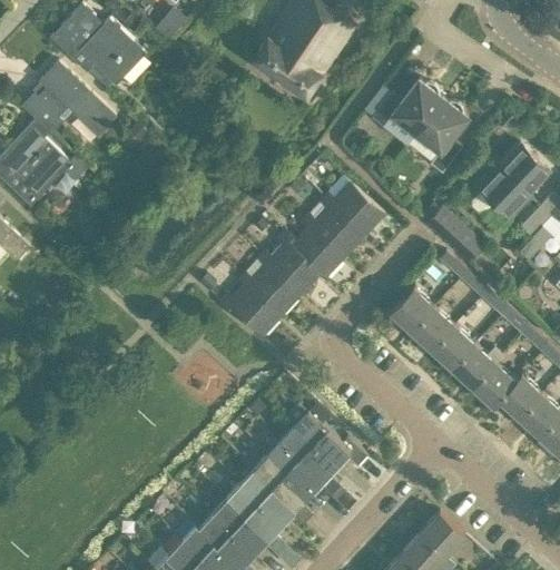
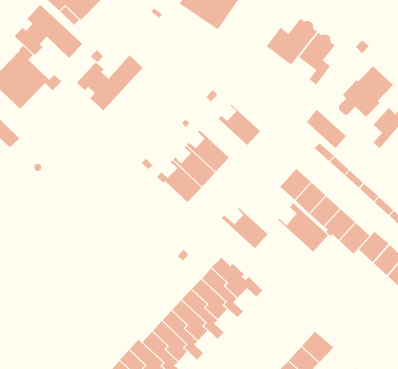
building: none -> [76,55,143,111]
building: [323,187,384,238] -> none
building: [279,220,345,279] -> [221,207,268,249]
building: none -> [277,202,329,252]

